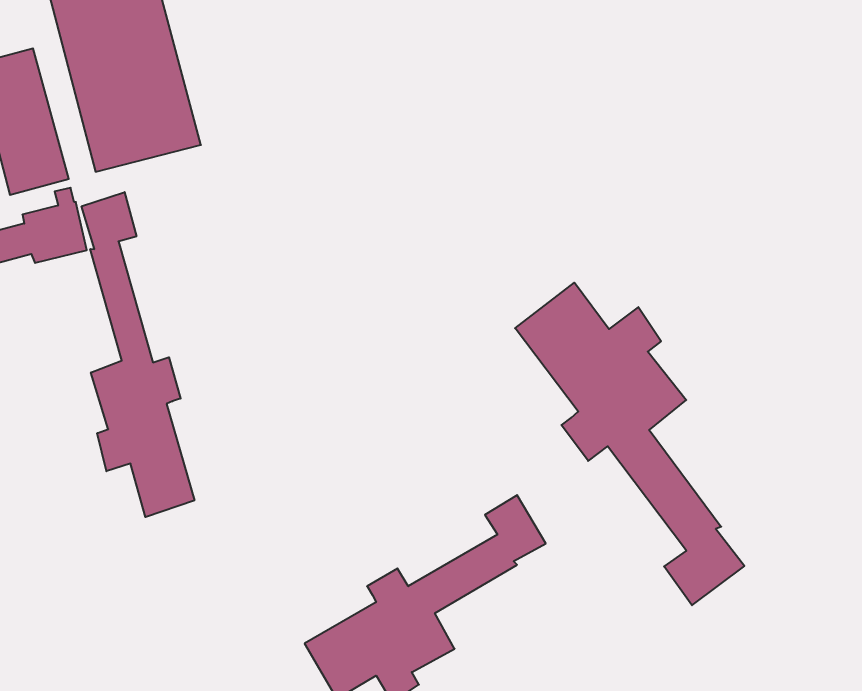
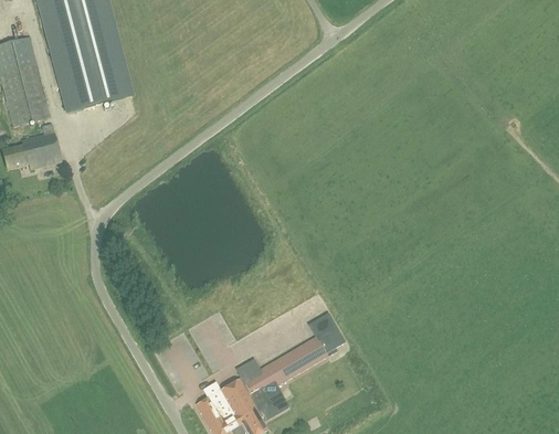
building: [82,192,194,517] -> none
building: [515,283,744,605] -> none

